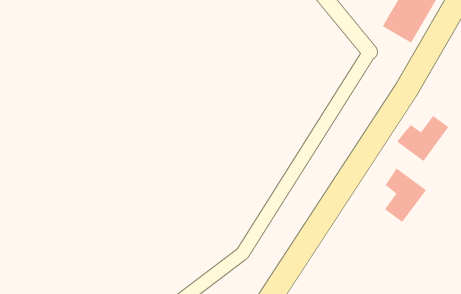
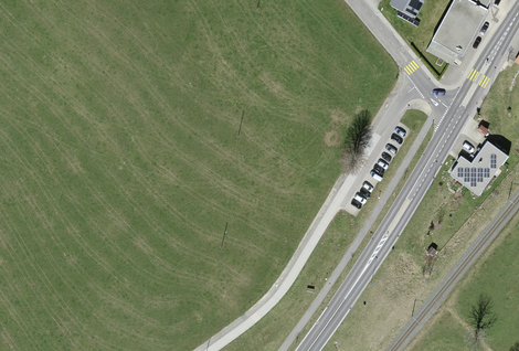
building: [384,168,427,223] -> none

